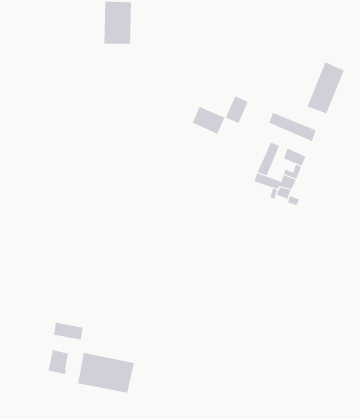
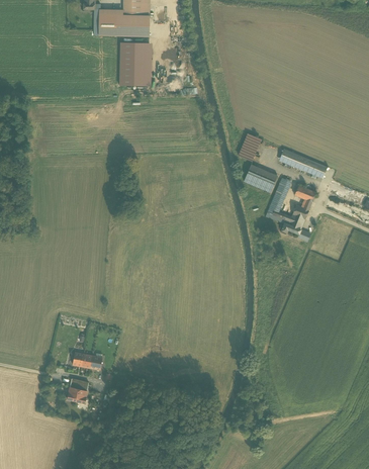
building: [307,62,344,114] -> none
building: [192,106,225,134] -> [244,165,276,192]
building: [78,352,135,394] -> none

